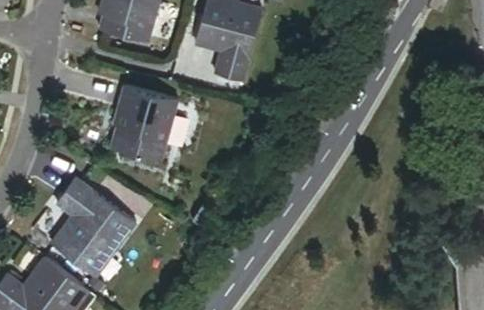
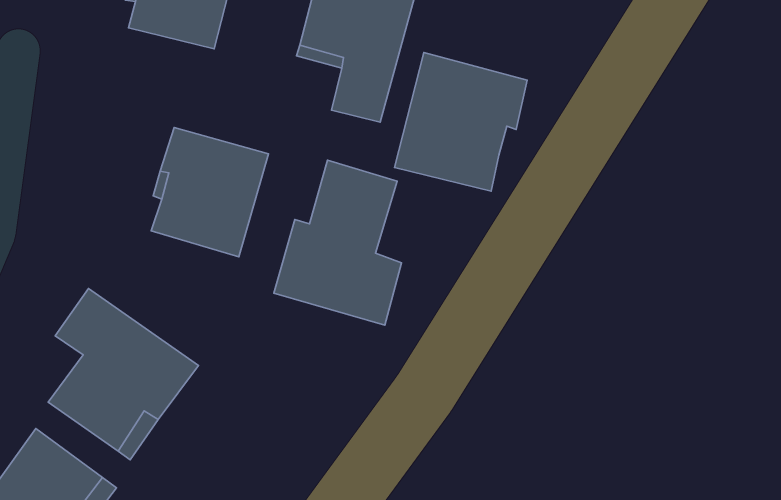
building: none -> [395,52,527,191]
building: none -> [274,160,401,325]

